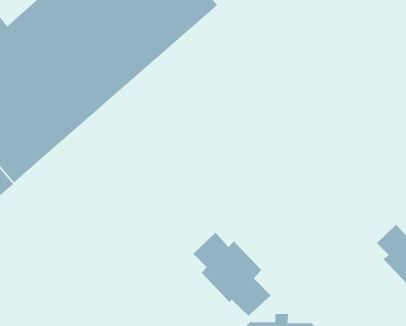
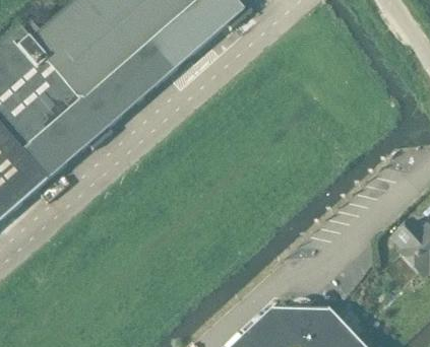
building: [193,232,271,316] -> none

